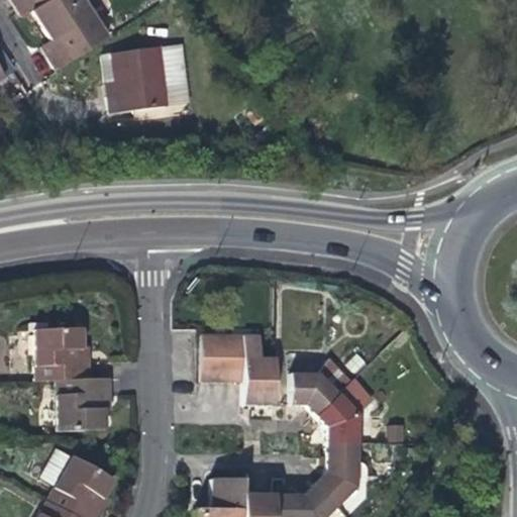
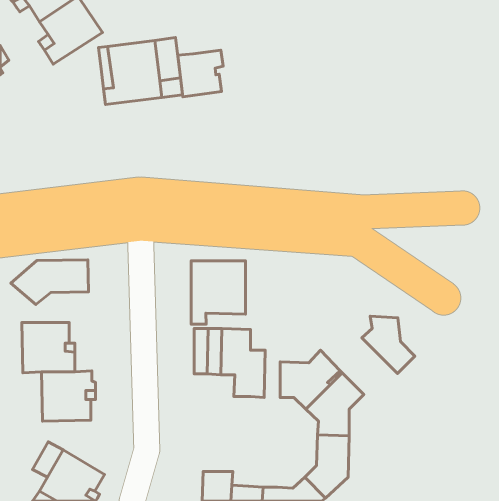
building: none -> [178,50,223,97]
building: none -> [11,260,89,304]
building: none -> [191,261,245,324]
building: none -> [362,316,415,373]

